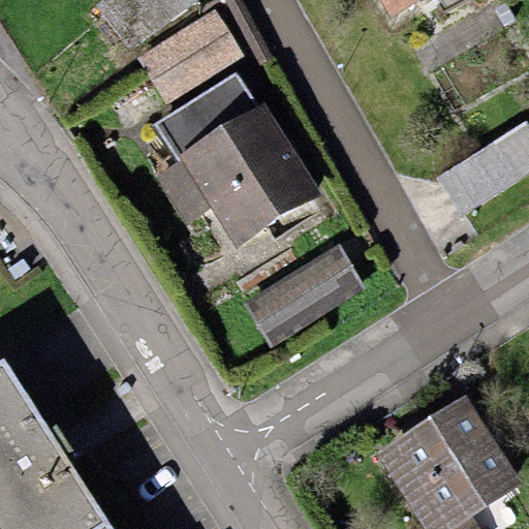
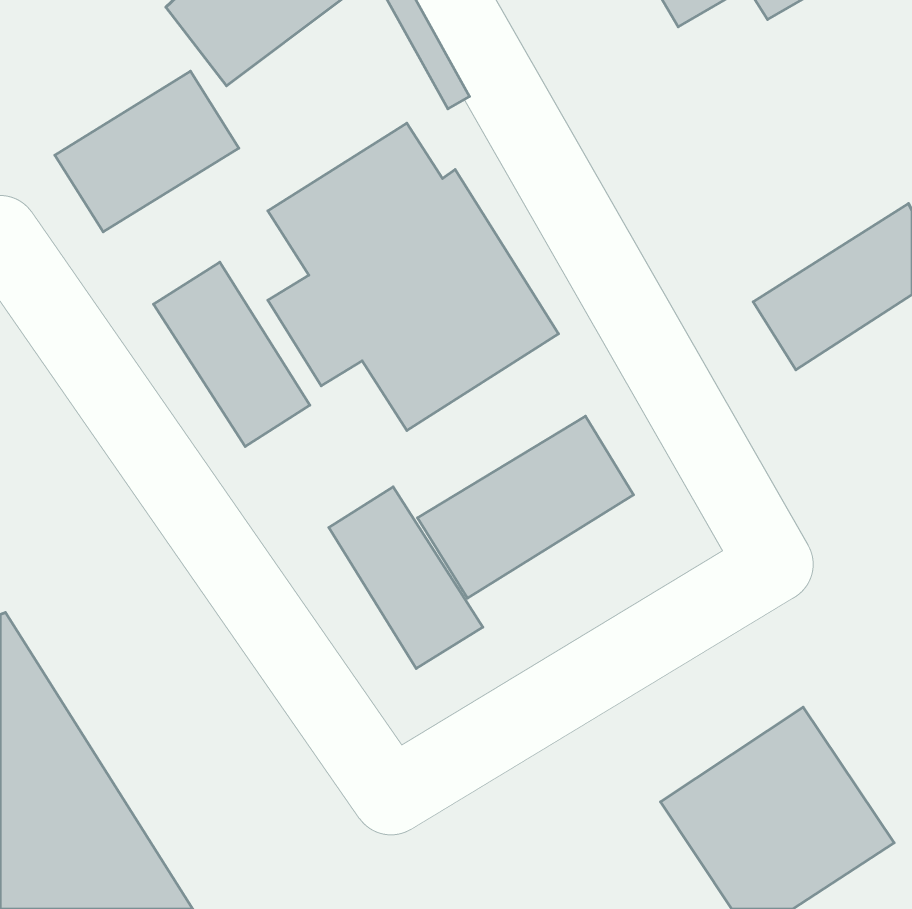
building: [136,8,243,101] -> [55,71,239,232]
building: none -> [153,262,310,446]
building: none -> [329,487,483,669]

